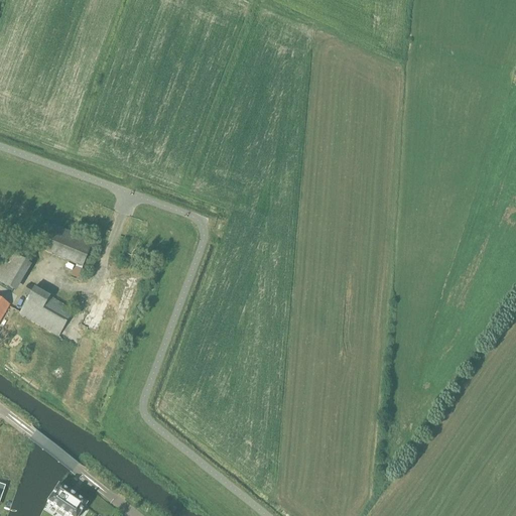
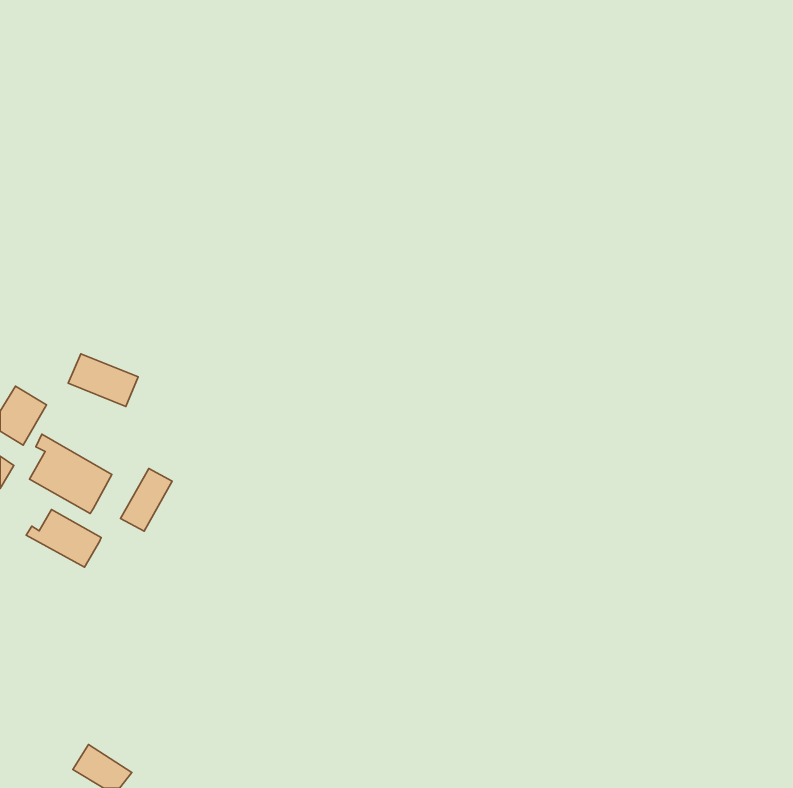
building: none -> [121,469,172,531]
building: none -> [26,509,101,567]

